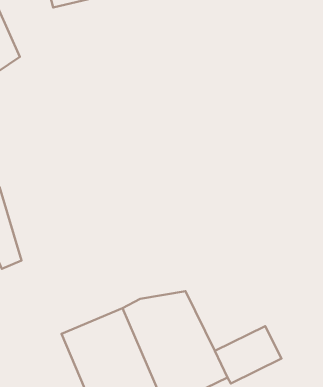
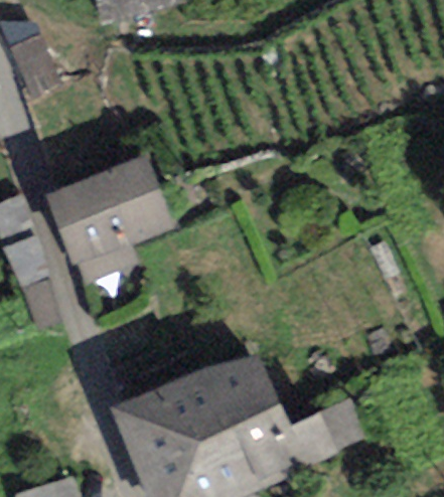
building: none -> [44,155,173,284]

